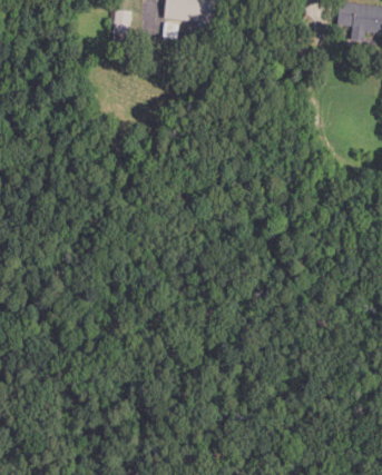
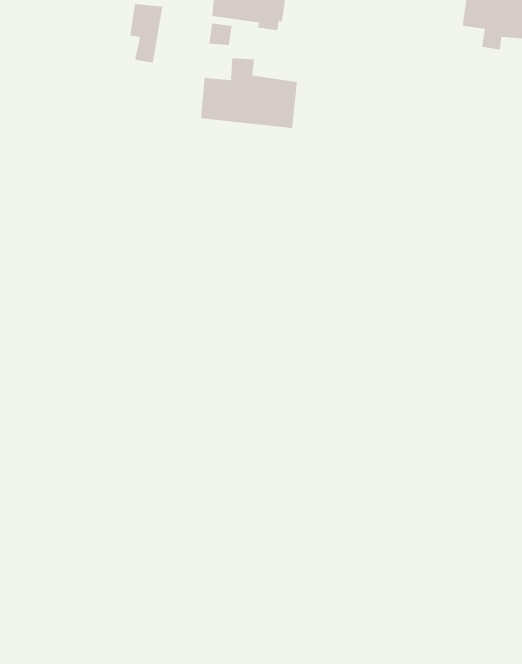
building: none -> [200,58,297,129]

